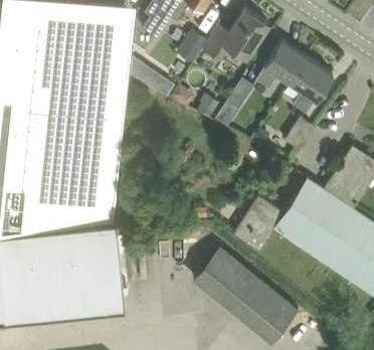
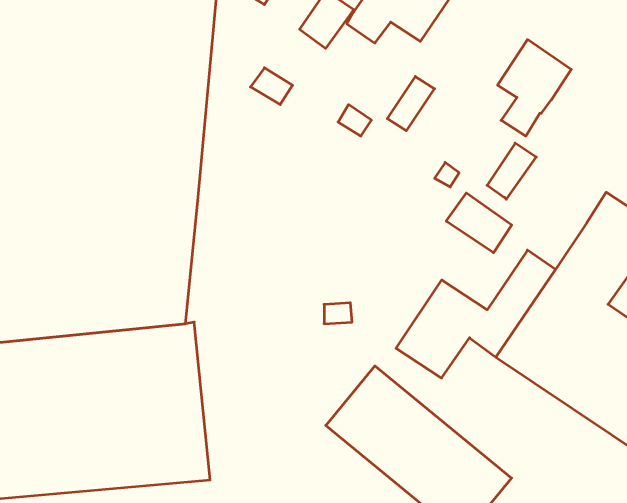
building: [255,40,307,88] -> none
building: none -> [446,193,512,253]

